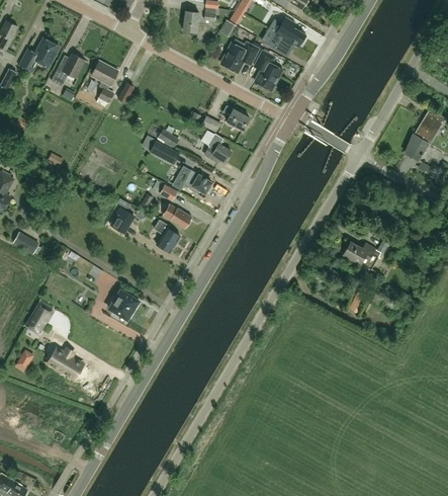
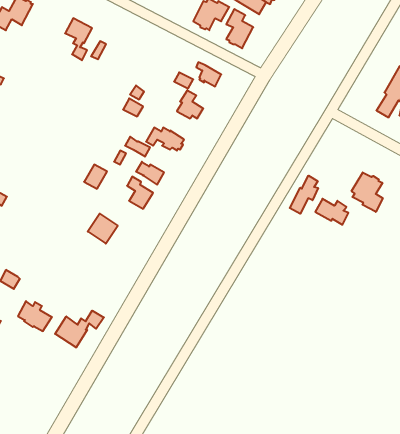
building: [51,53,84,85] -> none
building: none -> [352,172,383,212]
building: none -> [290,176,318,214]
building: [108,290,139,320] -> [88,214,118,244]
building: none -> [55,311,104,348]

